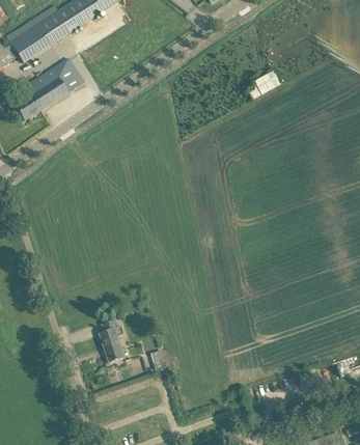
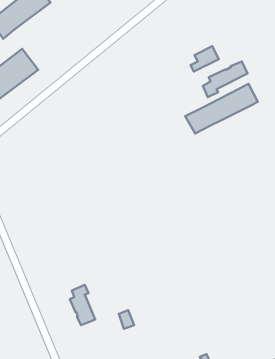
building: none -> [203,62,248,97]
building: none -> [185,84,258,133]

